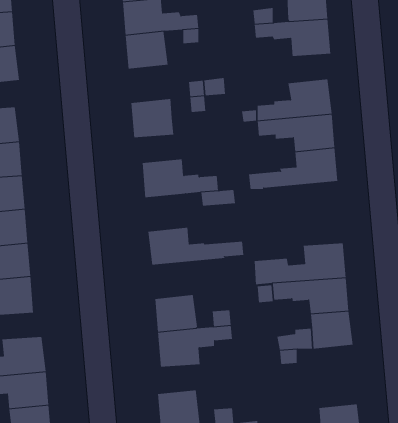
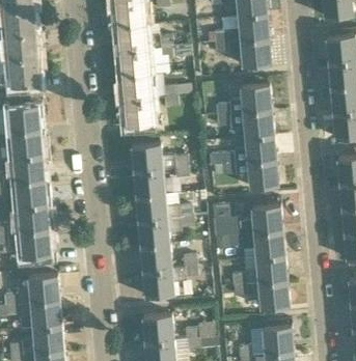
building: none -> [120,73,153,101]
building: none -> [221,159,278,188]
building: none -> [133,168,165,196]
building: none -> [138,216,194,246]
building: none -> [257,280,290,309]

